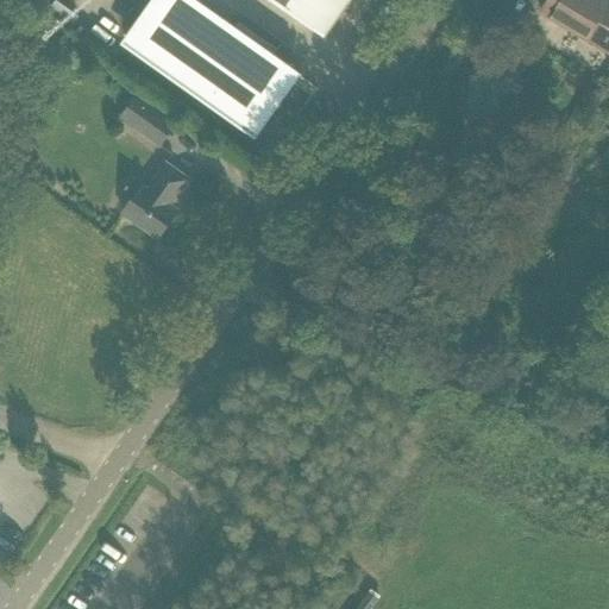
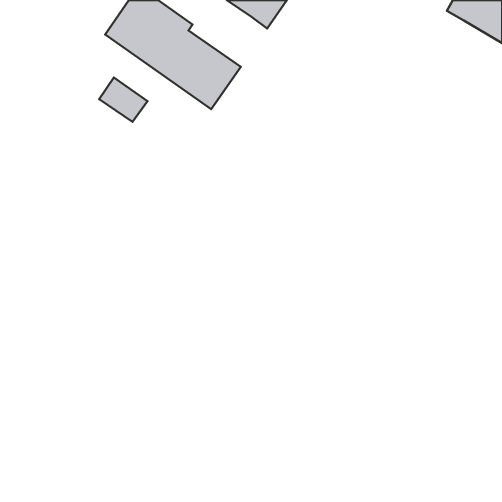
building: [123,161,190,239] -> none

